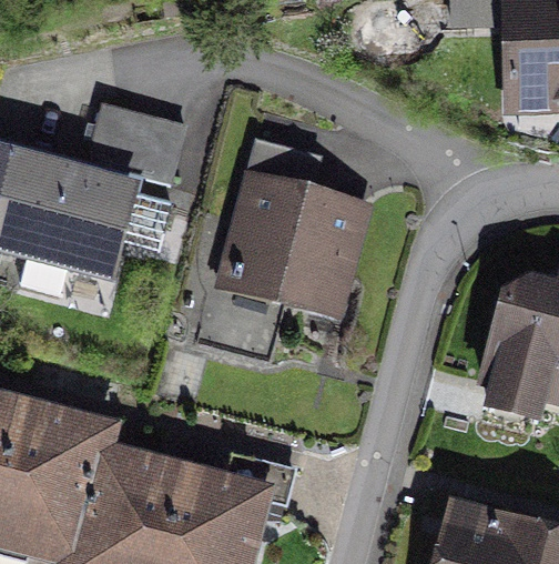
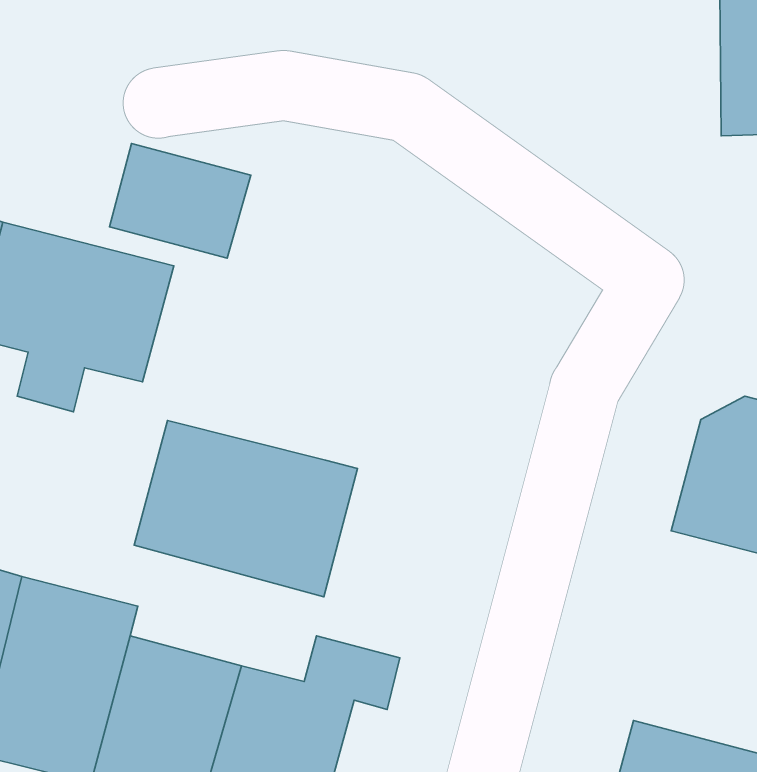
building: [234,183,359,308] -> none
building: none -> [134,421,357,597]

